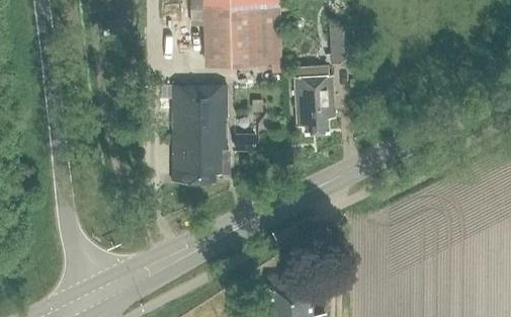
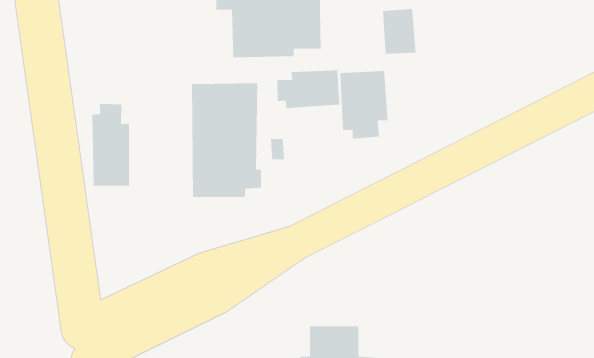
building: none -> [277,70,340,109]
building: none -> [91,103,130,186]

